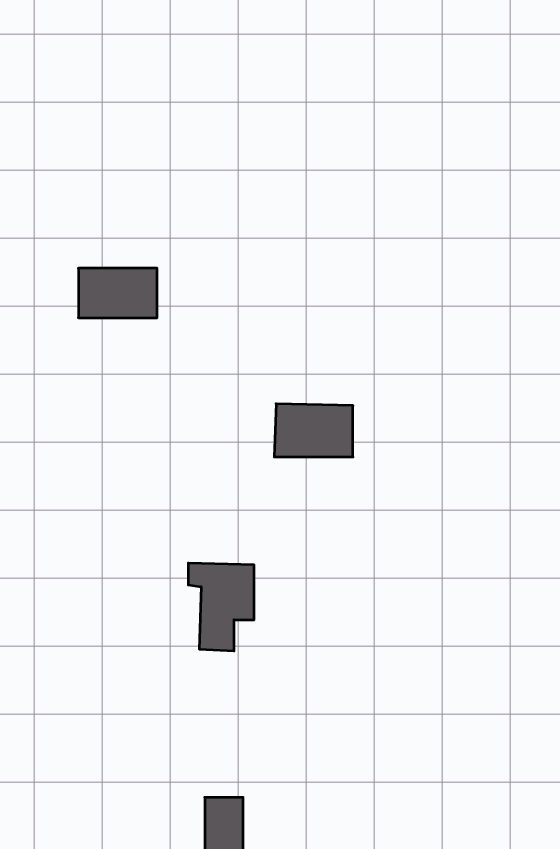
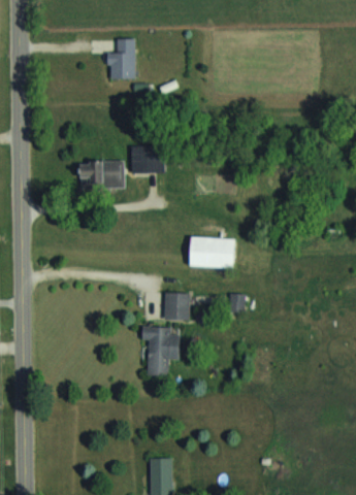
building: none -> [107,39,134,79]
building: none -> [130,146,163,172]
building: none -> [164,294,188,319]

